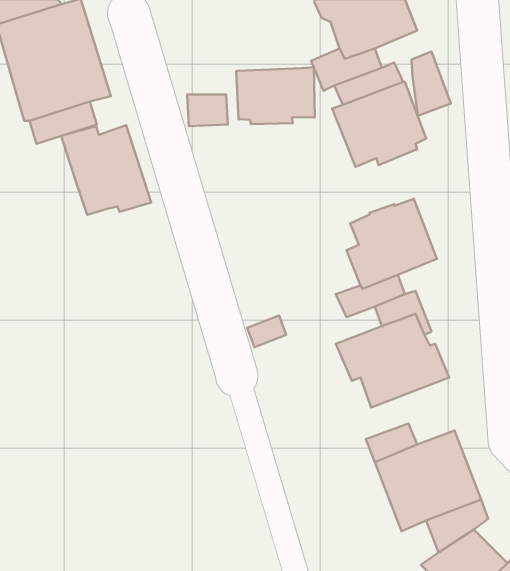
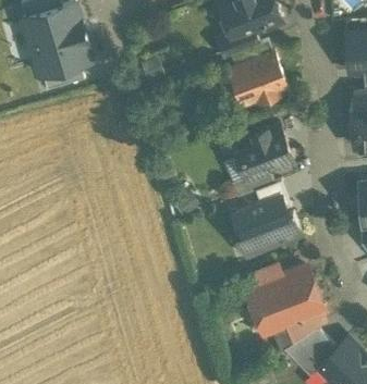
building: [411,52,451,116] -> none
building: [236,67,315,124] -> none
building: [61,125,151,215] -> none

